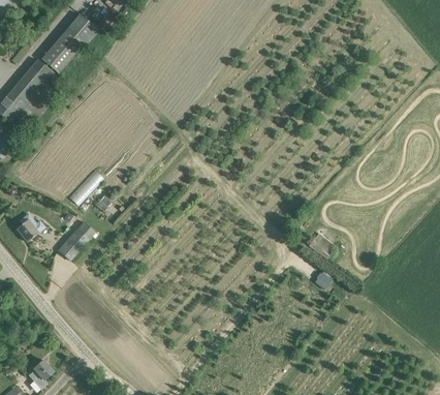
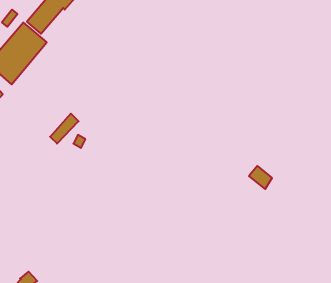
building: [15,213,44,241] -> none
building: [57,220,97,260] -> none

